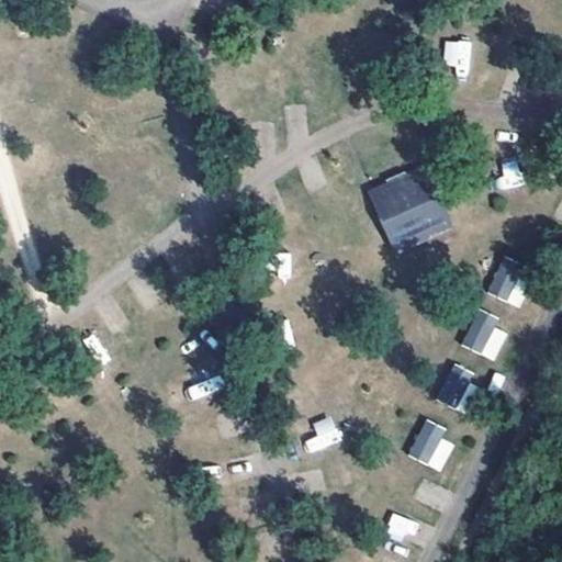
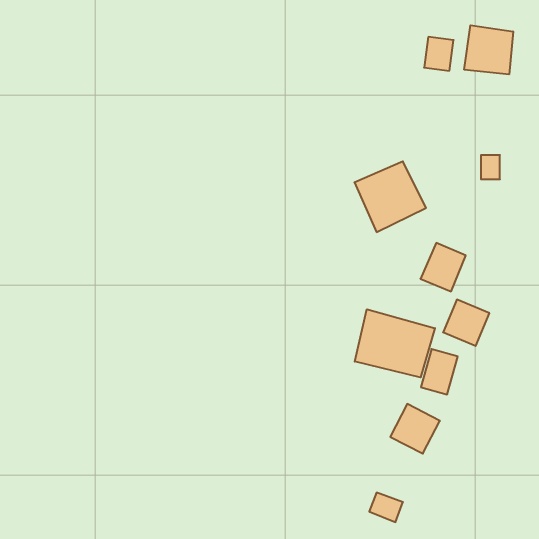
building: none -> [464,25,513,74]
building: [486,256,533,306] -> [420,243,466,291]
building: none -> [355,309,435,377]

